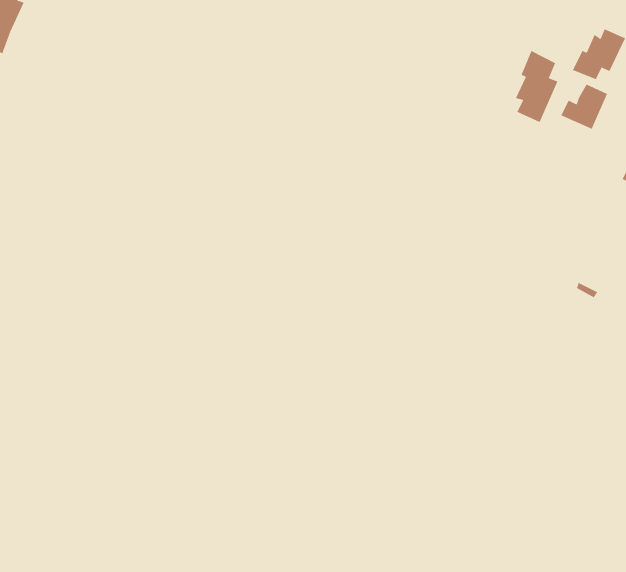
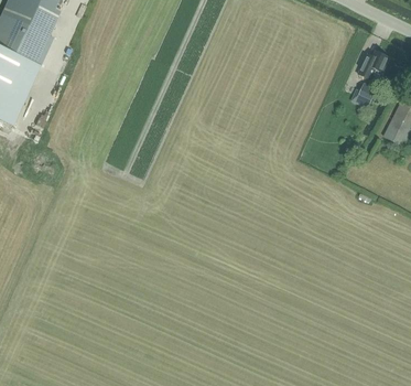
building: [515,50,558,123] -> none

